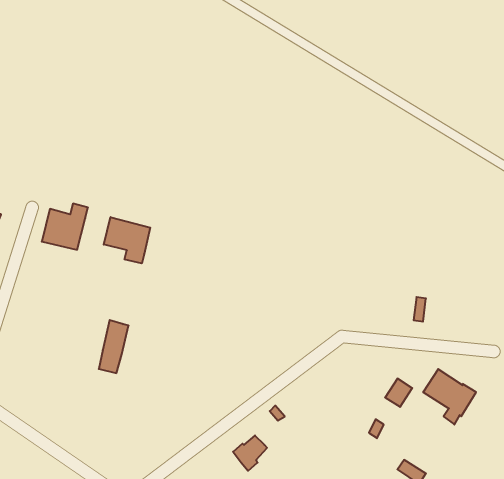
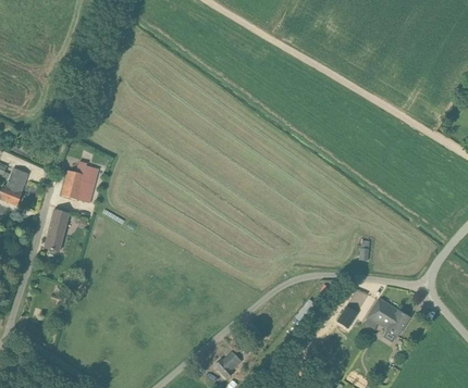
building: [104,217,150,263] -> none
building: [99,320,129,373] -> [45,209,69,251]

